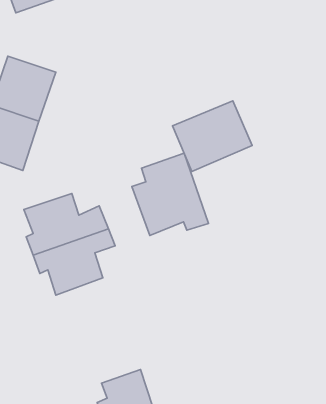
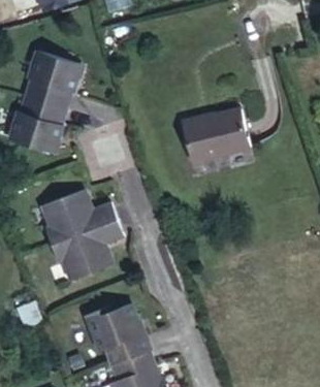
building: [132,153,208,235] -> none
building: none -> [90,298,149,358]

